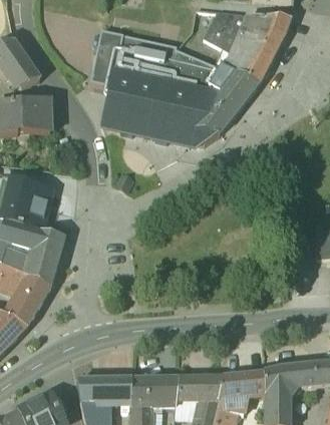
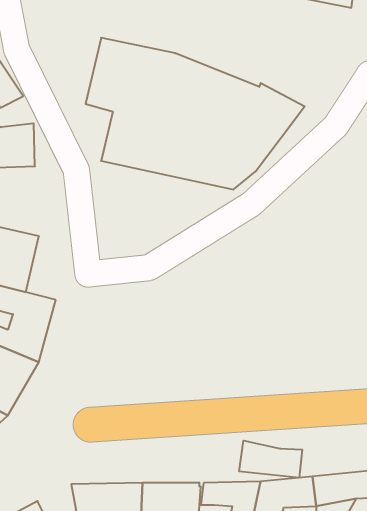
building: [203,11,290,84] -> none
building: none -> [239,441,302,478]

